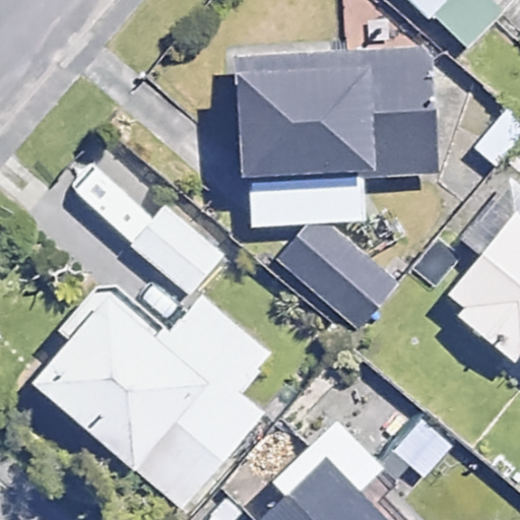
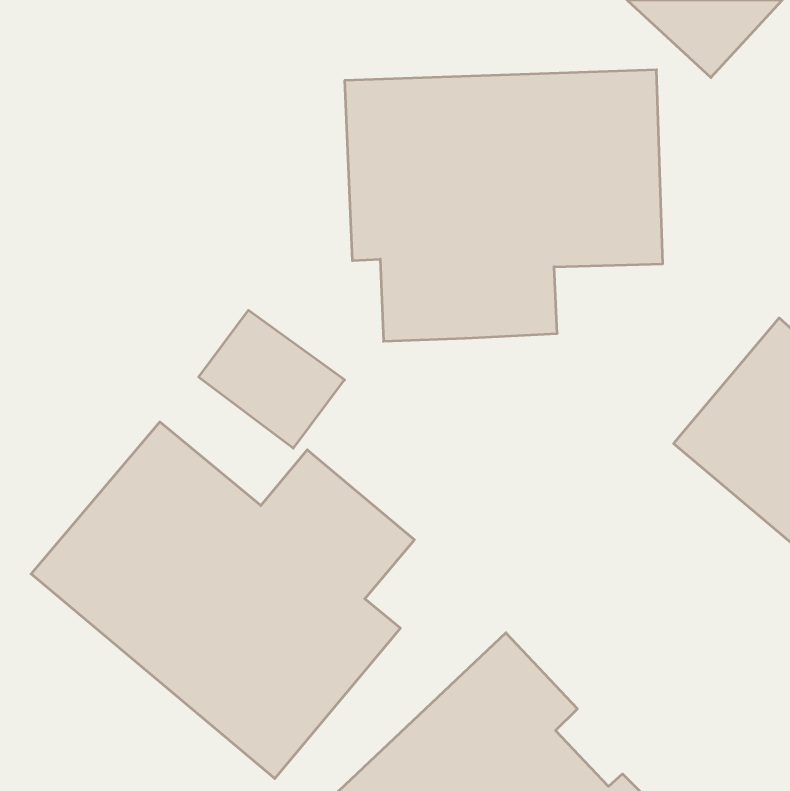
building: [274,221,400,332] -> none

